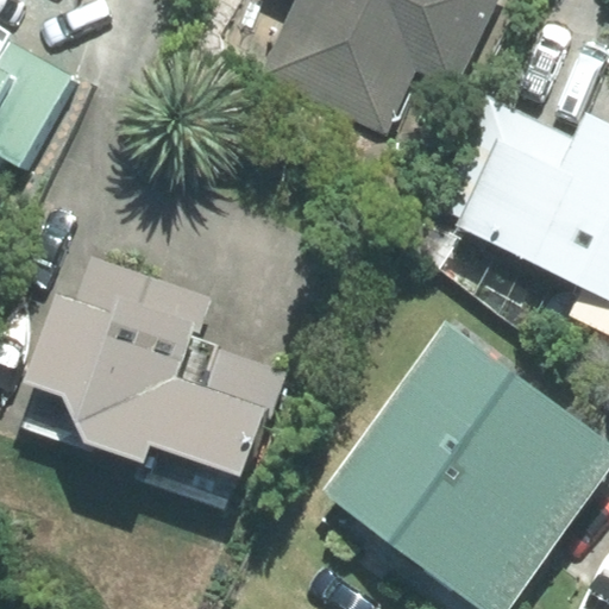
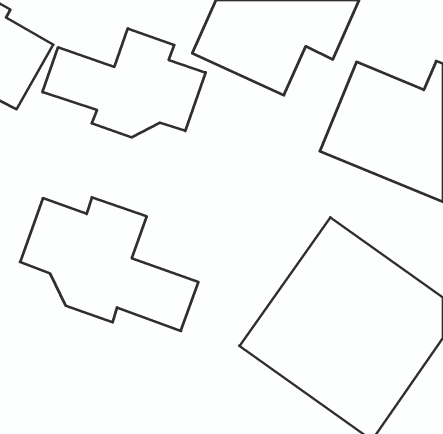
building: none -> [43,28,206,137]

